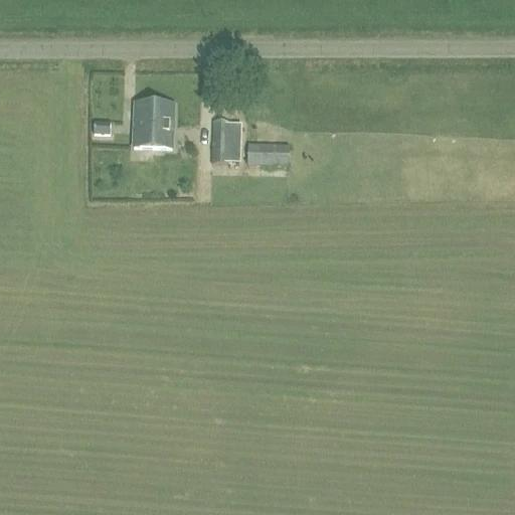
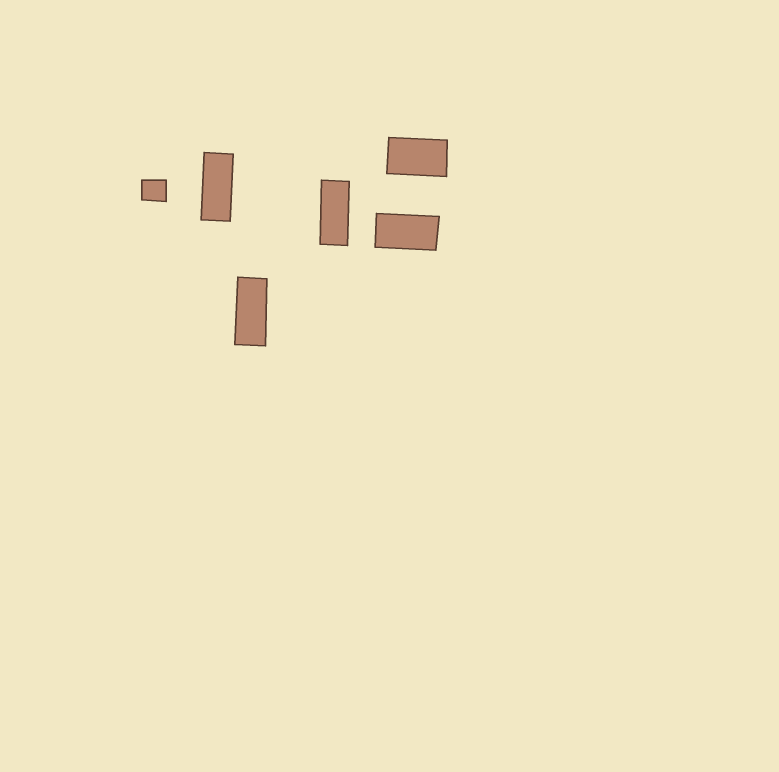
building: none -> [387,137,447,176]
building: [152,102,173,147] -> [235,277,267,346]

